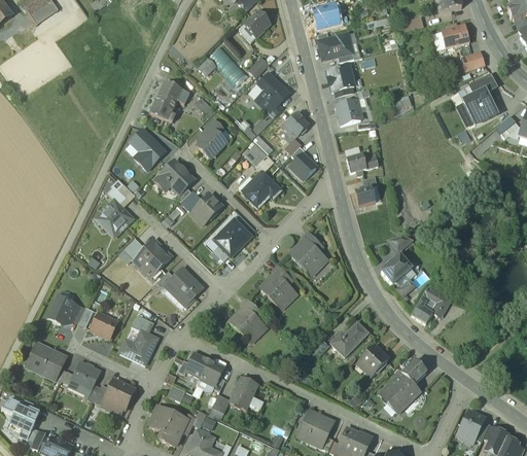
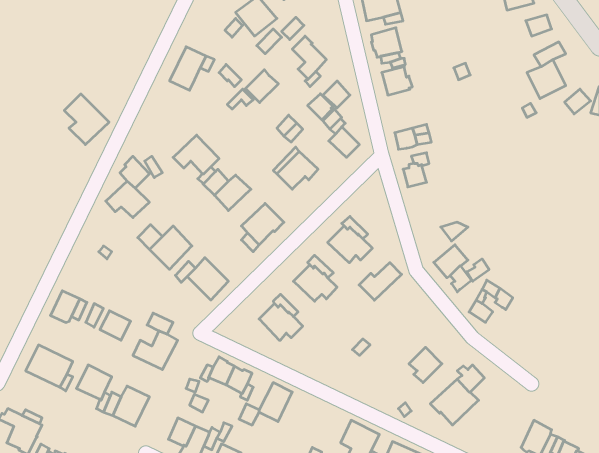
building: [128,127,167,171] -> [64,94,109,145]
building: [197,129,225,157] -> [245,70,278,103]
building: [330,323,367,356] -> [359,263,402,300]

